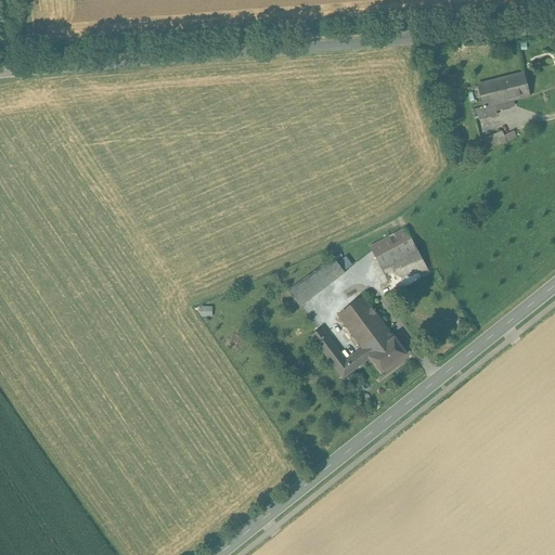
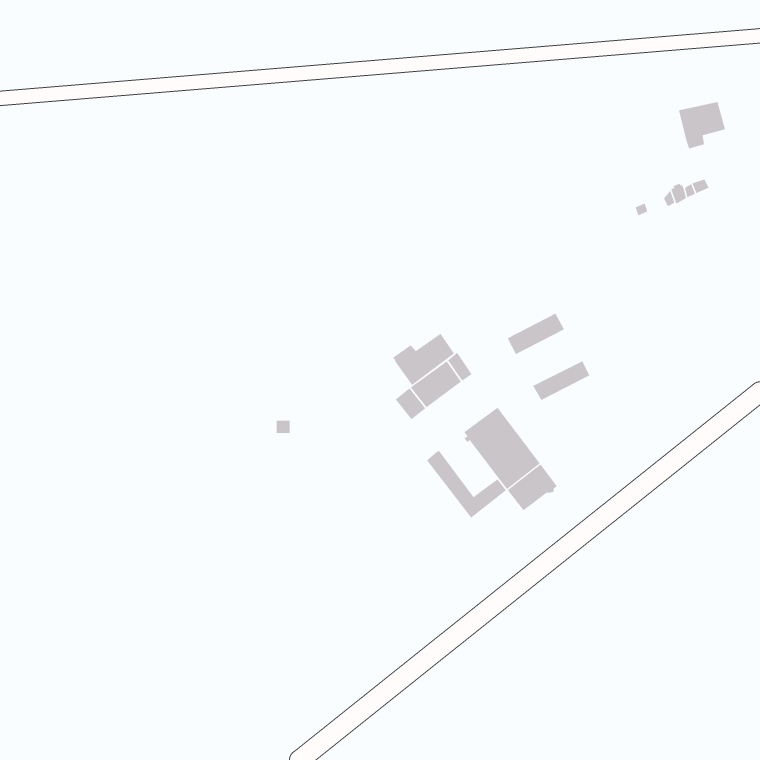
building: [477,80,499,116] -> none
building: [375,240,424,281] -> none
building: none -> [393,333,455,386]

